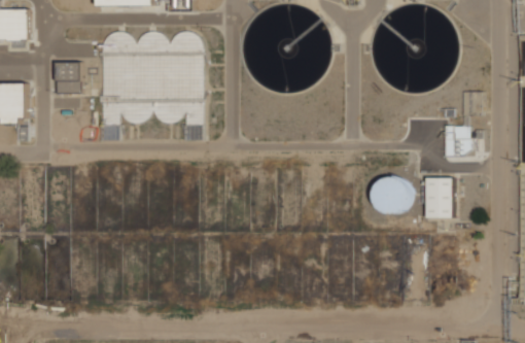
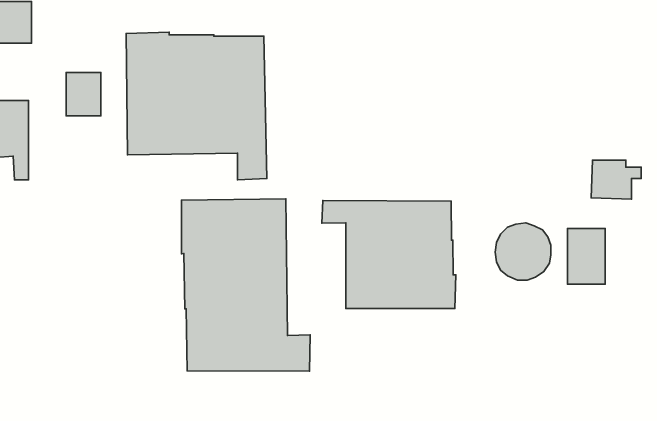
building: none -> [181,199,310,371]
building: none -> [322,200,456,308]

